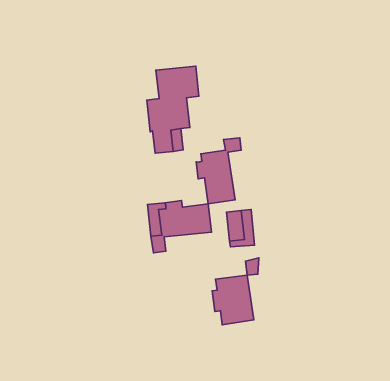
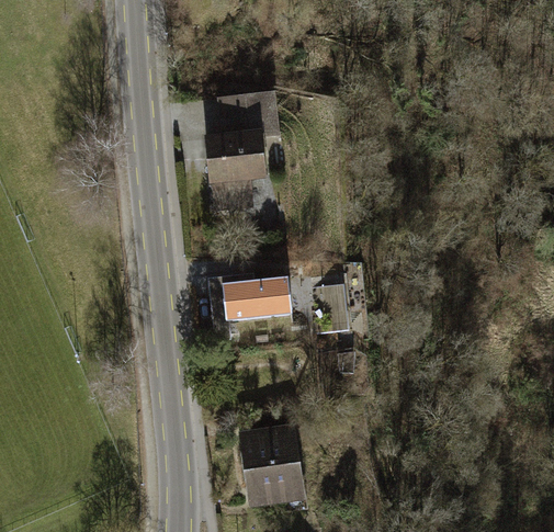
building: [196,138,241,204] -> none
building: [212,275,254,325] -> [245,432,299,498]

